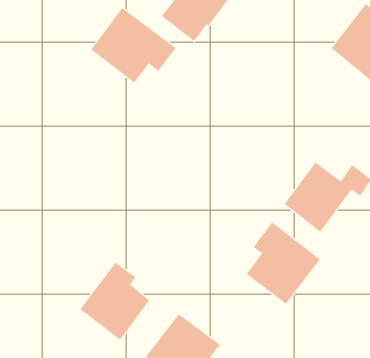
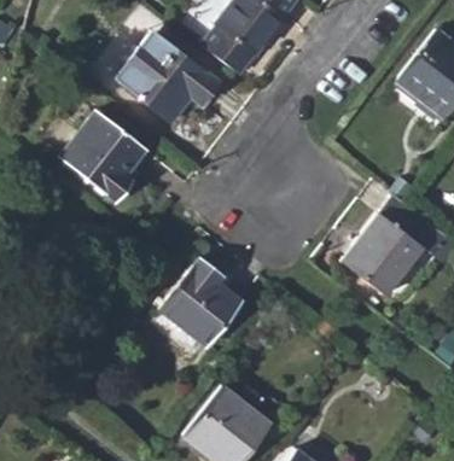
building: none -> [59,109,147,203]
building: [246,222,321,304] -> none
building: [80,262,150,341] -> [159,256,240,346]

